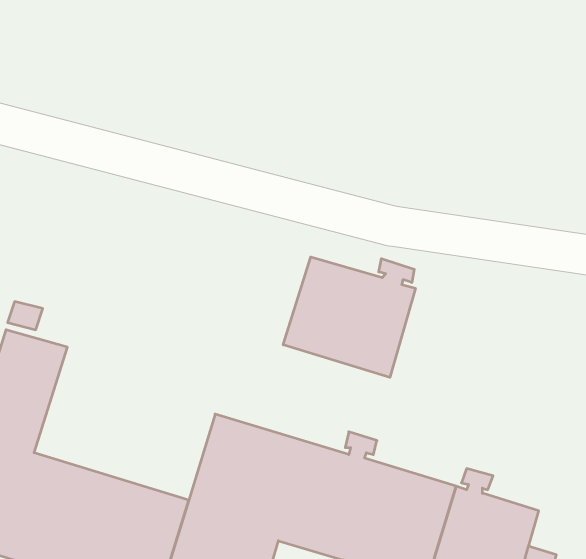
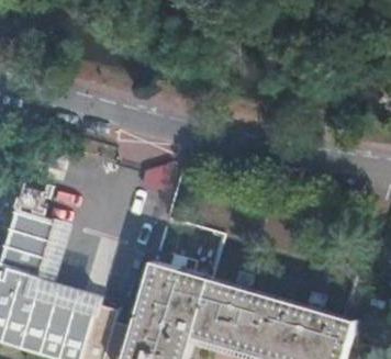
building: [283,257,415,377] -> none

